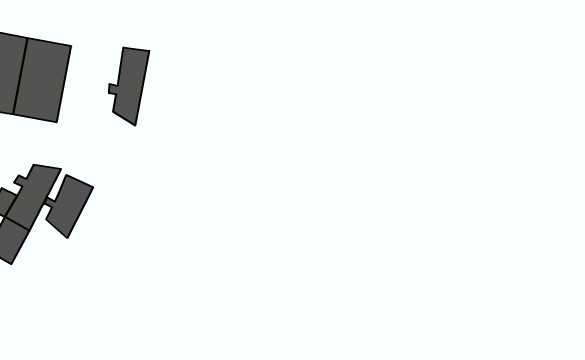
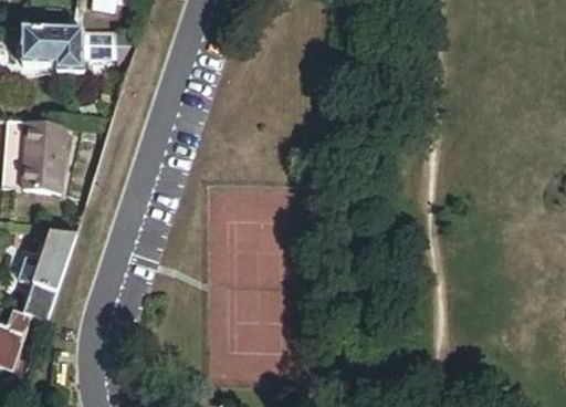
building: [109,47,149,126] -> none
building: [45,175,93,238] -> none

